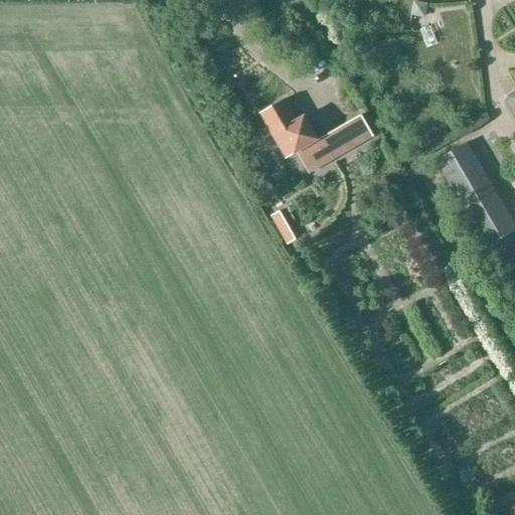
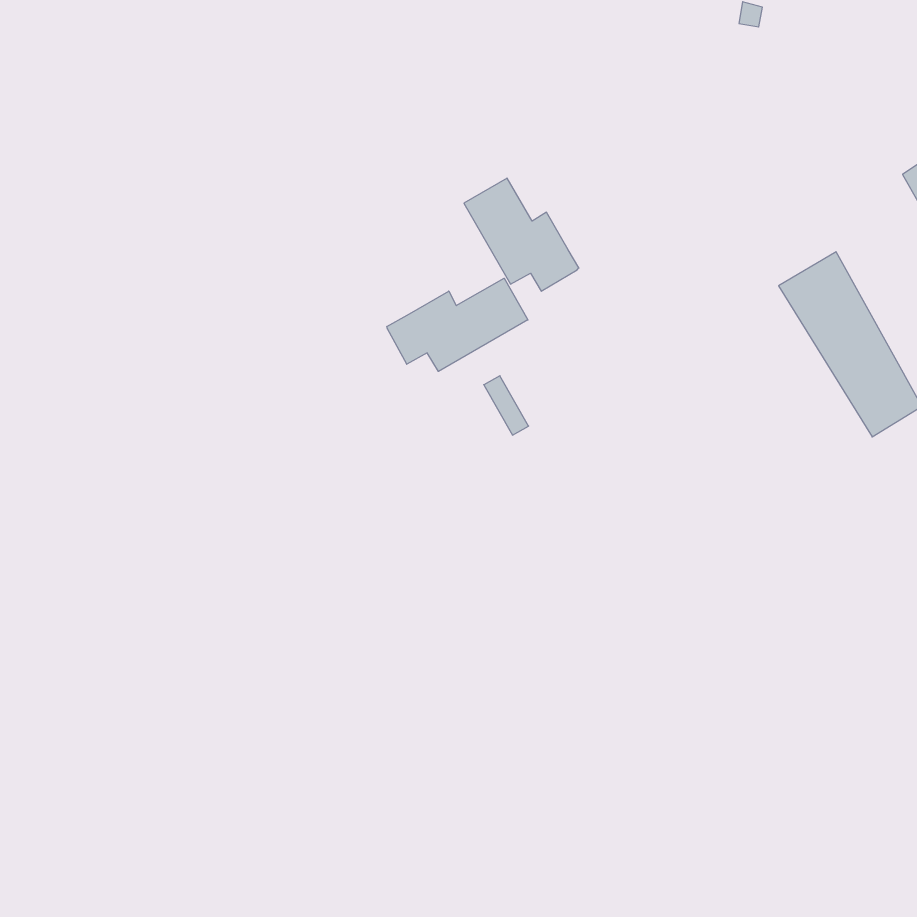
building: [327,115,374,161] -> none
building: none -> [387,278,528,371]

